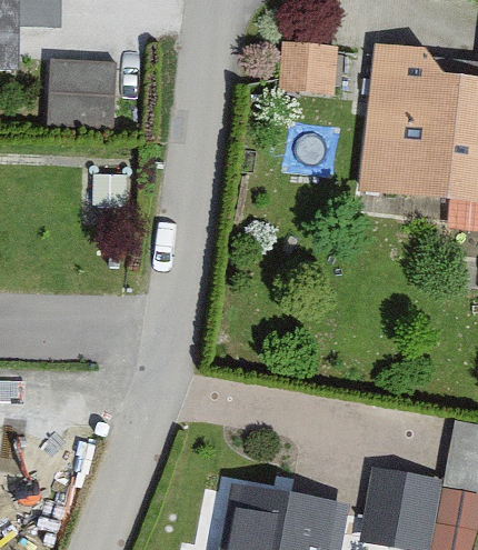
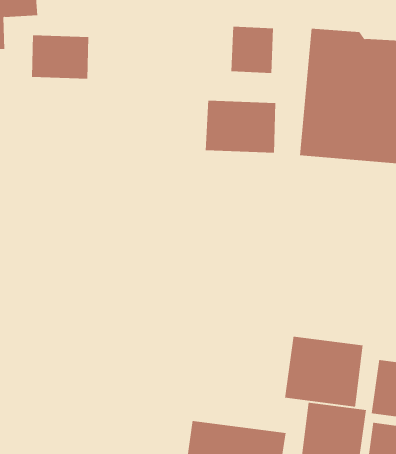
building: none -> [205,100,276,154]
building: none -> [284,336,363,407]

